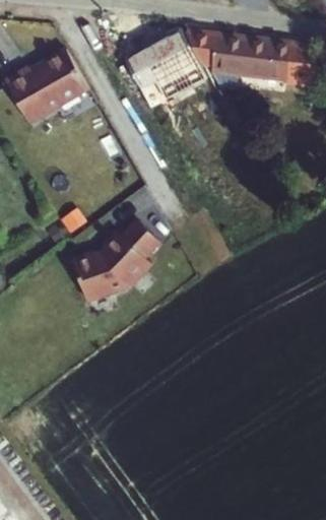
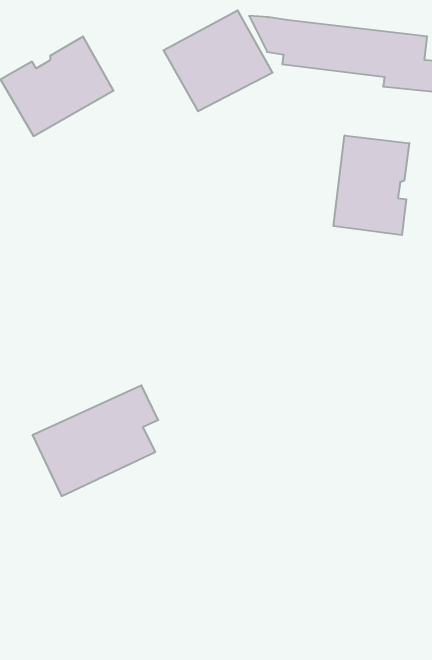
building: none -> [333,135,409,235]
building: [65,216,157,298] -> [32,385,158,496]

